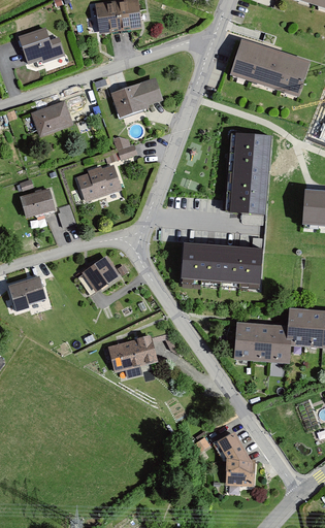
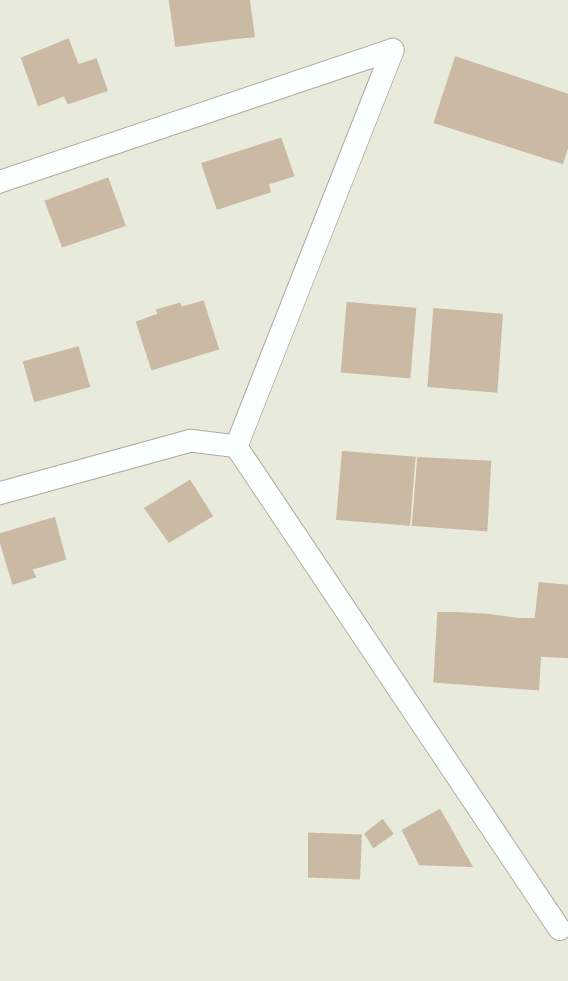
building: [232,131,272,171] -> [340,301,417,379]
building: [107,336,155,371] -> none
building: [225,458,254,483] -> [307,832,363,880]

